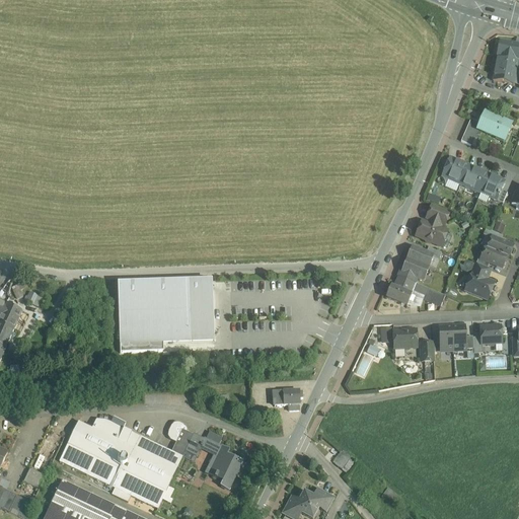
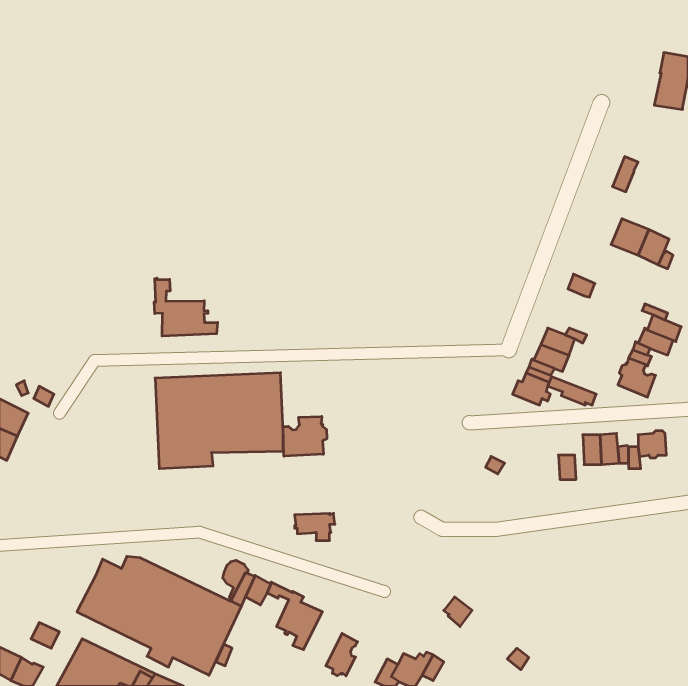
building: [476,112,511,140] -> none
building: [441,156,467,183] -> none
building: none -> [154,278,218,336]
building: [416,218,446,244] -> none
building: none -> [283,416,327,456]
building: [393,328,416,356] -> none
building: [272,389,302,410] -> [295,513,335,540]
building: none -> [326,633,358,676]

